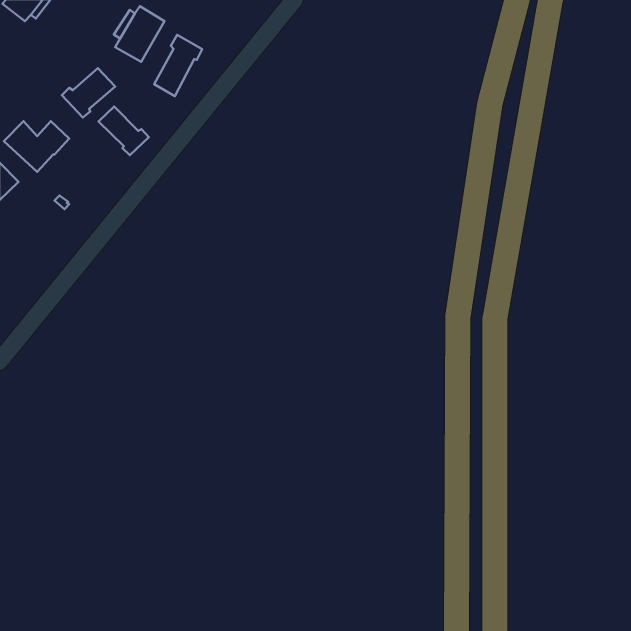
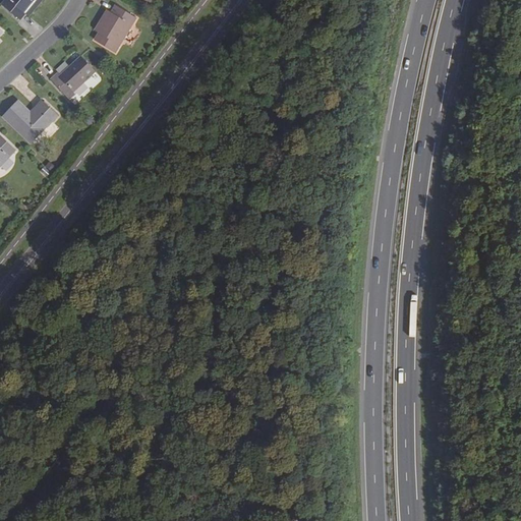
building: [154,35,202,96] -> none
building: [98,106,149,155] -> none

